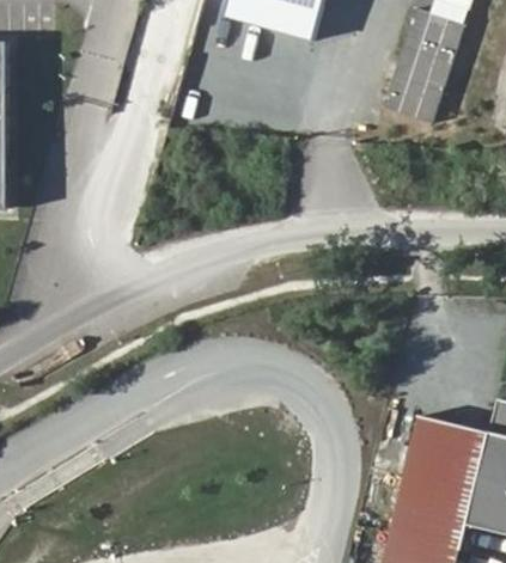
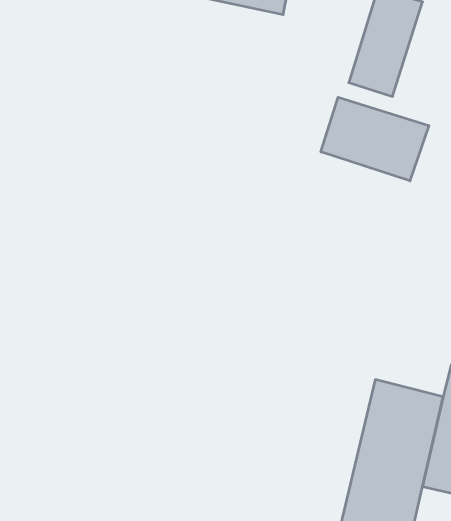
building: none -> [321,97,429,181]

